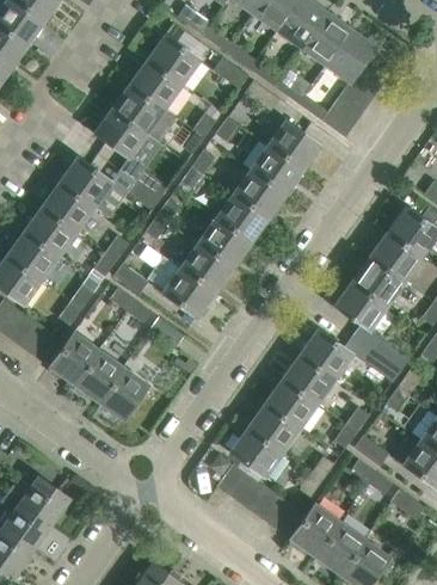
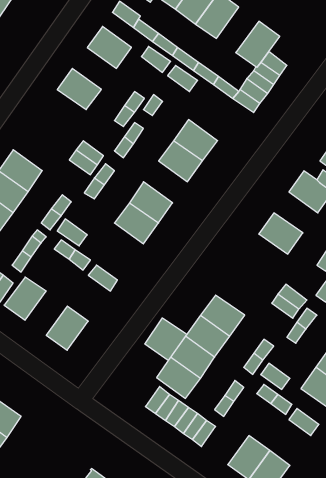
building: [302,12,352,66] -> none
building: [130,60,183,110] -> none
building: [94,110,147,159] -> none
building: [269,121,321,171] -> none
building: [60,158,112,207] -> none
building: [215,195,267,245] -> none
building: [370,232,423,281] -> none
building: [162,269,215,319] -> none
building: [334,282,387,331] -> none
building: [301,330,353,378] -> none
building: [74,350,124,402] -> none
building: none -> [145,318,187,361]
building: [290,504,340,556] -> none

